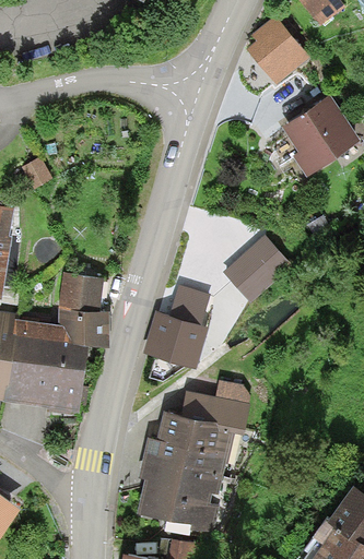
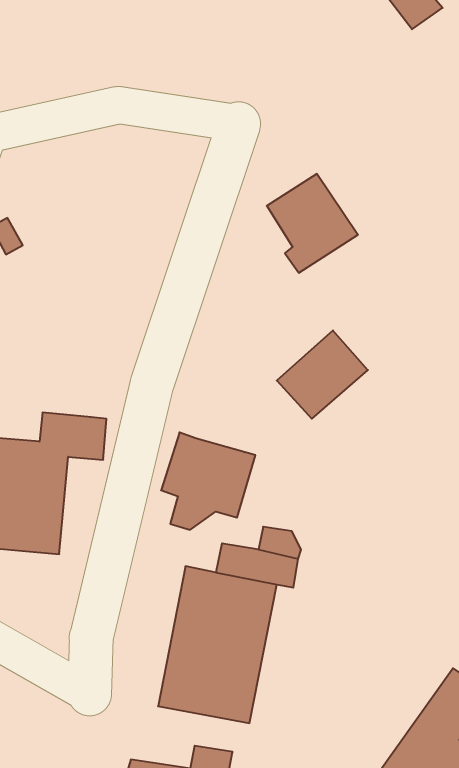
building: [246,21,303,79] -> none
building: [286,96,352,167] -> [267,174,358,273]
building: [59,273,96,304] -> none
building: [169,288,213,329] -> none

